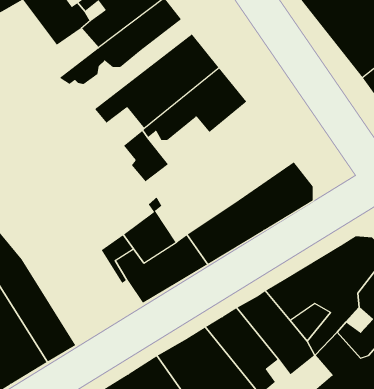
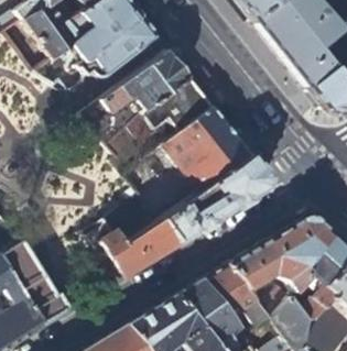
building: none -> [164,107,252,193]

